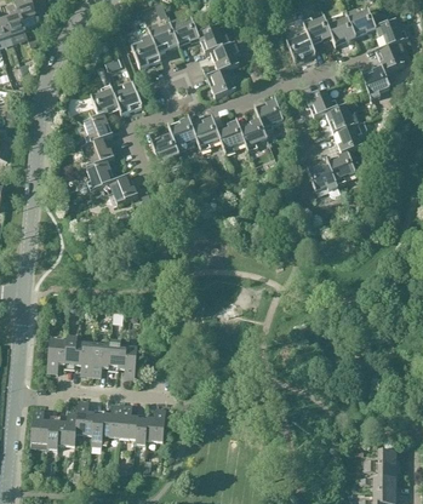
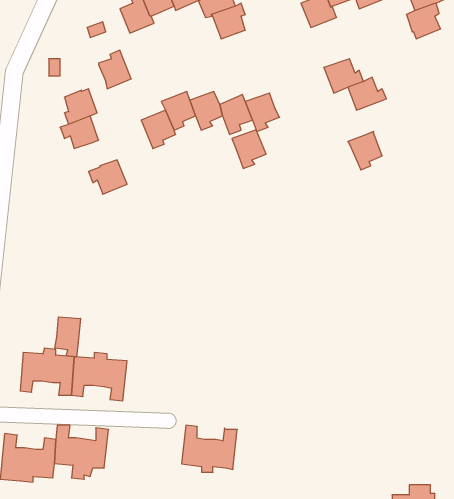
building: [361,67,390,99] -> none
building: [207,68,236,98] -> none
building: [91,85,120,118] -> none
building: [255,99,284,132] -> [232,130,266,168]
building: [333,124,362,154] -> none
building: [86,161,115,191] -> none
building: [307,162,338,191] -> none
building: none -> [55,317,81,357]
building: [119,405,166,445] -> [182,425,237,472]

